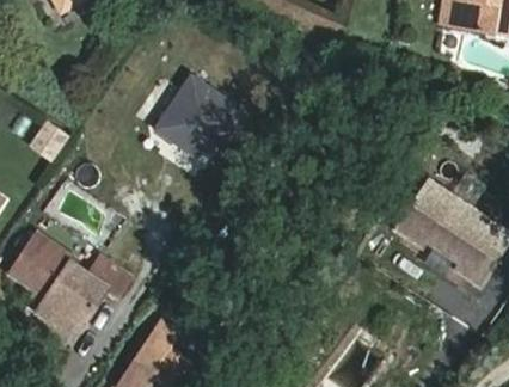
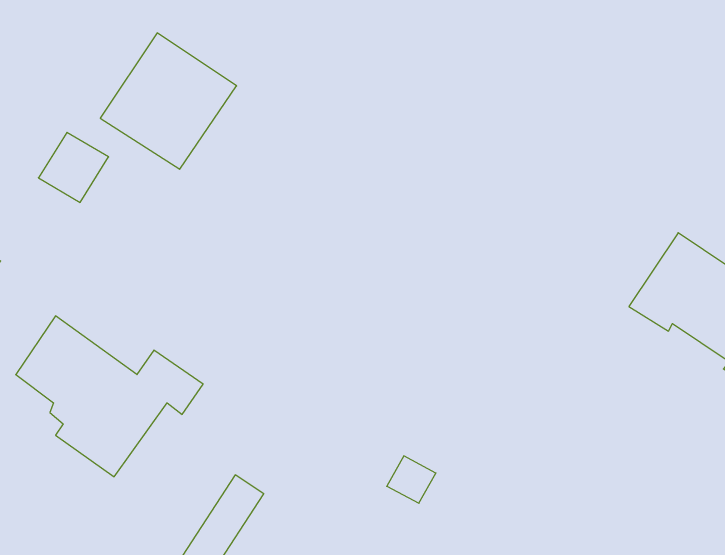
building: [155,75,241,161] -> [100,33,237,169]

